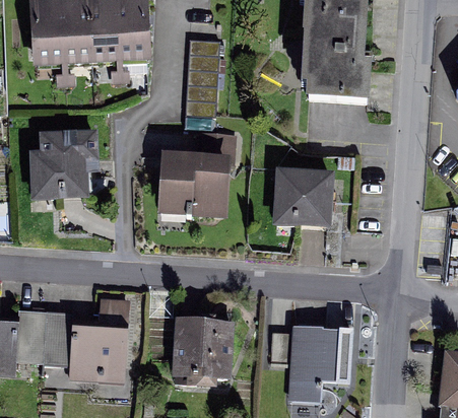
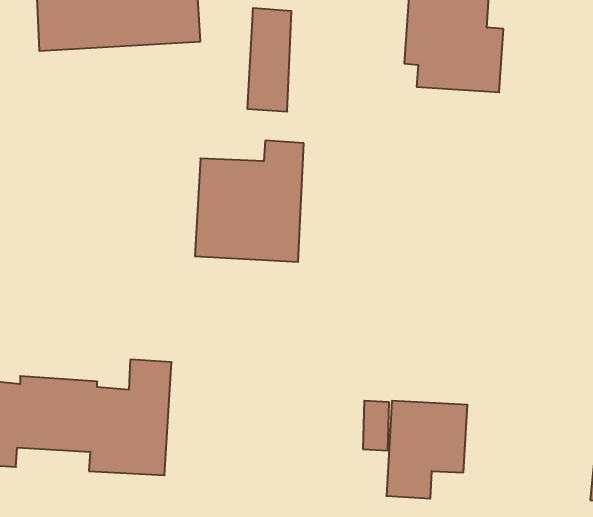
building: [34,133,99,197] -> none
building: [268,176,326,230] -> none
building: [176,319,233,377] -> none

